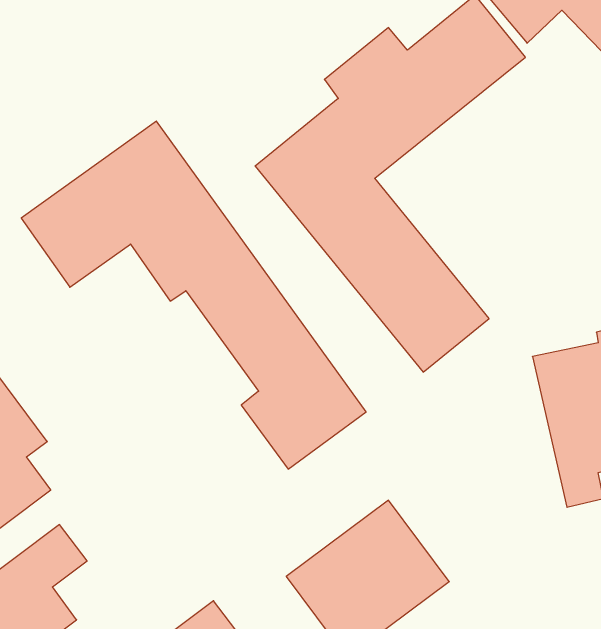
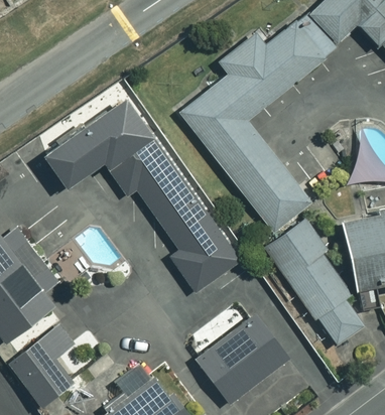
building: none -> [267,222,364,348]

